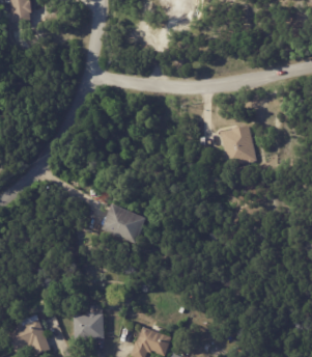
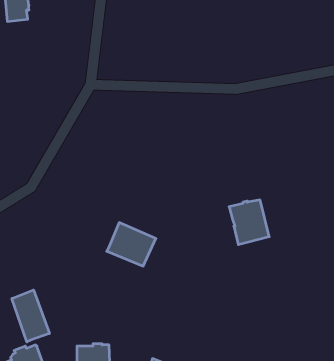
building: [220,126,256,166] -> [229,200,269,245]
building: none -> [12,290,49,342]

